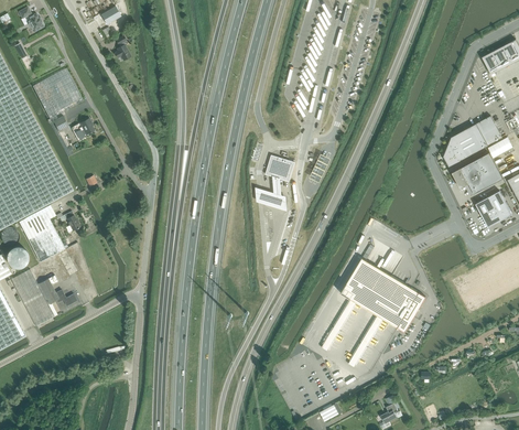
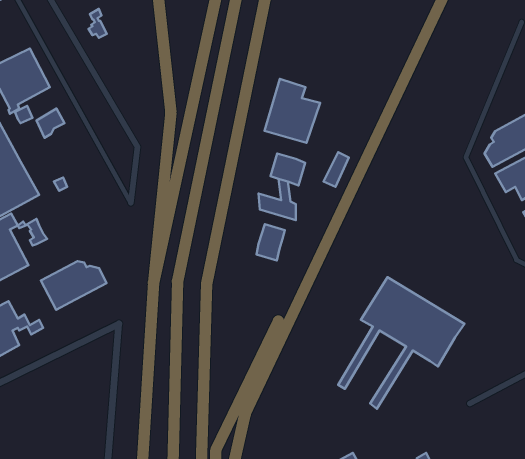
building: none -> [265,79,320,143]
building: none -> [257,224,285,261]
building: none -> [41,261,107,310]

